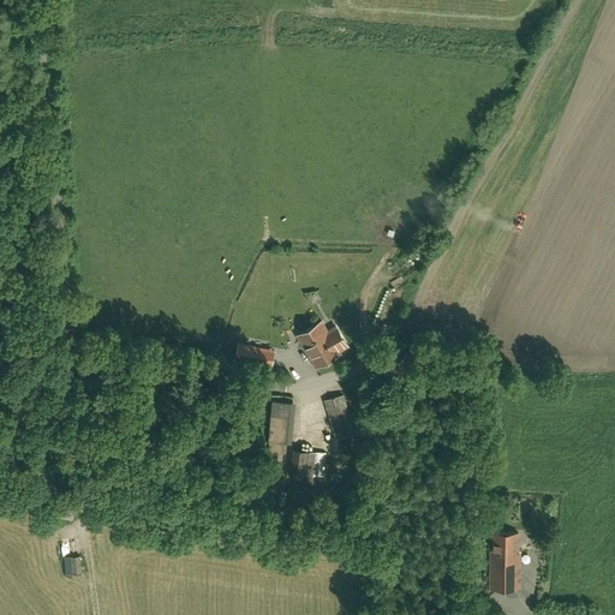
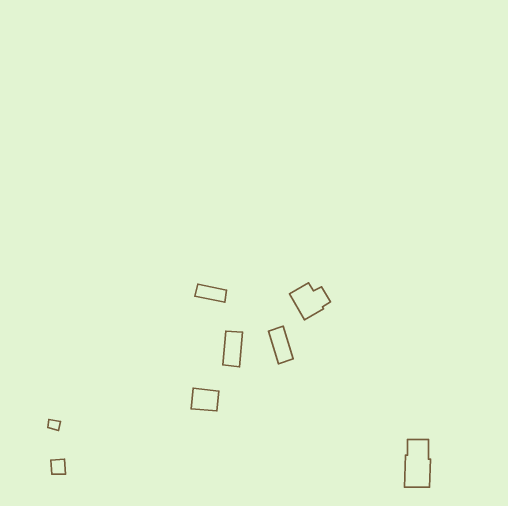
building: [298,324,347,369] -> [290,283,330,320]
building: [292,450,326,478] -> [191,388,219,411]

